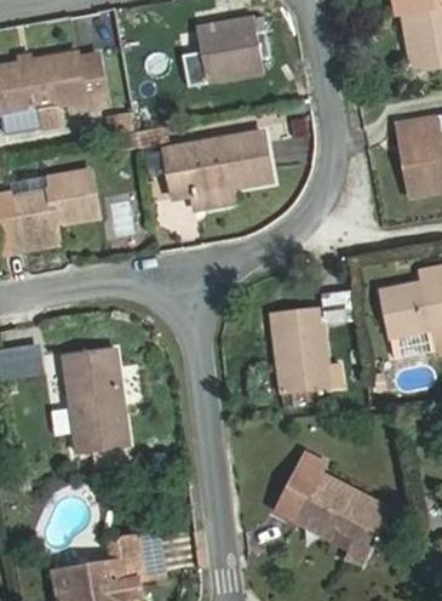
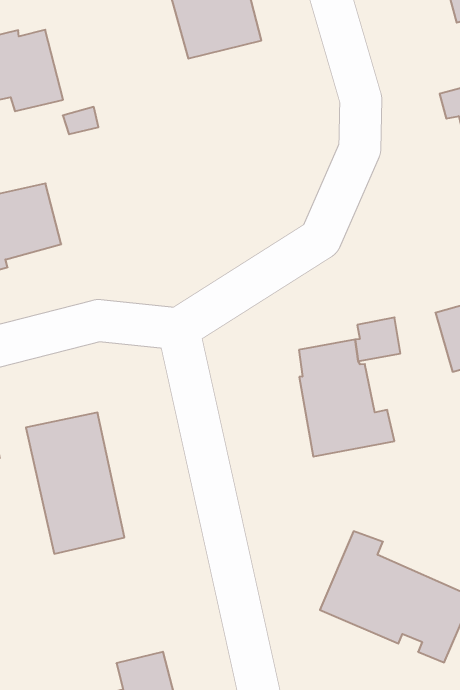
building: [163,130,271,198] -> none

